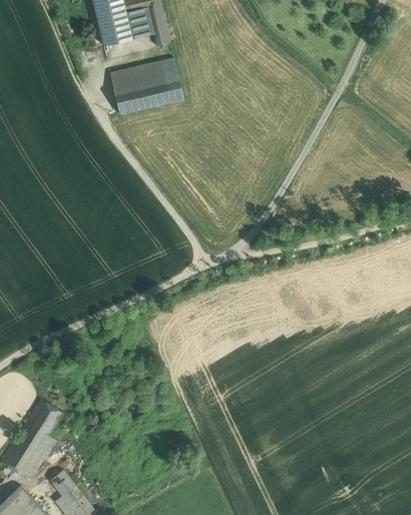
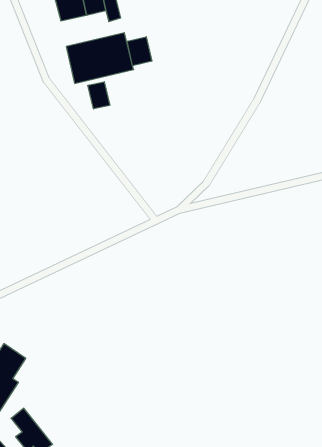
building: none -> [127,37,152,66]
building: none -> [88,82,110,109]

